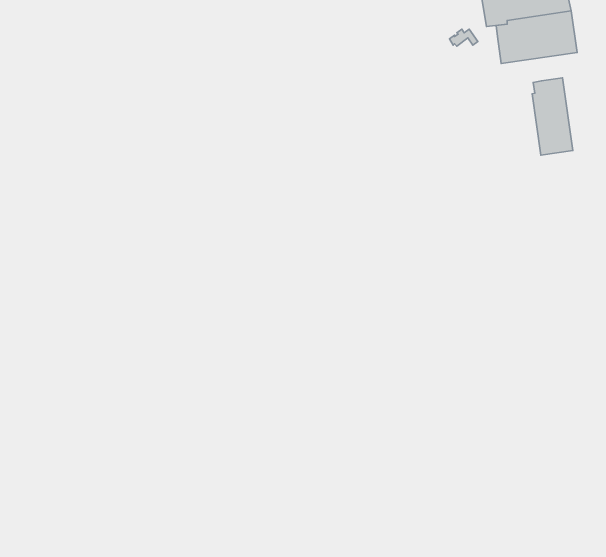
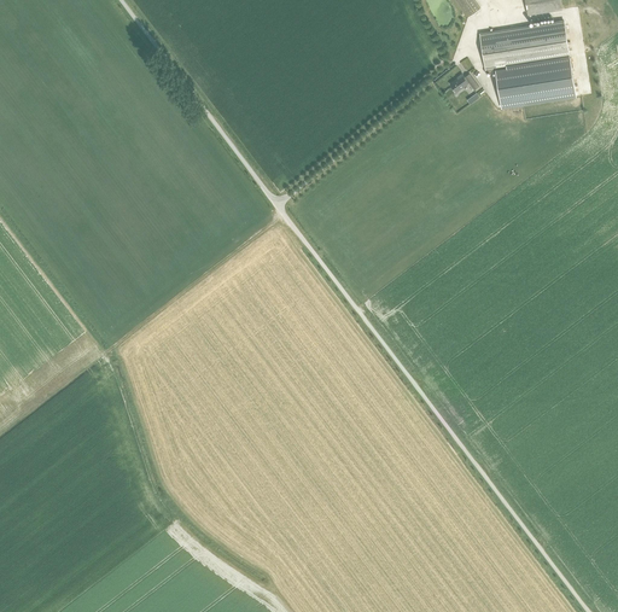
building: [532,78,573,155] -> none

